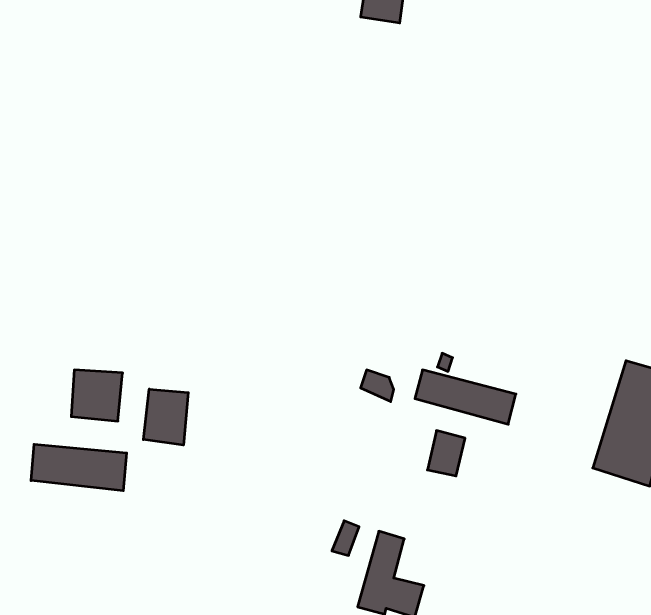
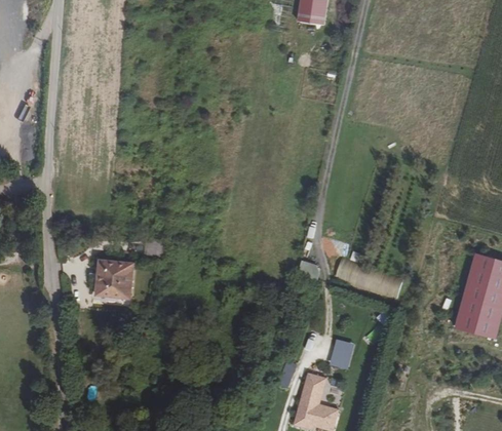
building: [143,389,188,445] -> none
building: [427,431,465,476] -> [330,338,355,368]
building: [31,444,127,491] -> none

